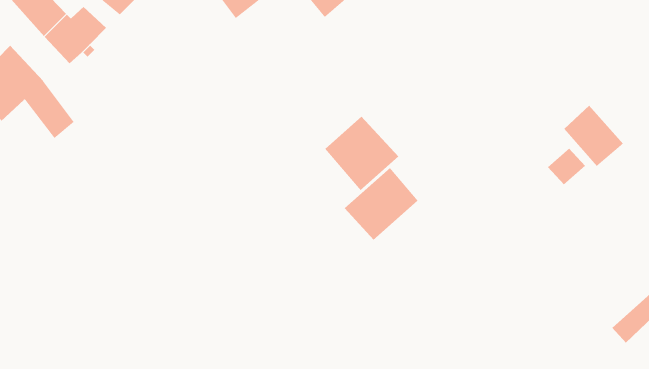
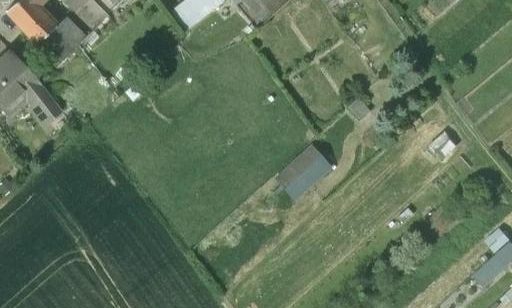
building: [563,105,624,167] -> none
building: [324,116,399,191] -> none

